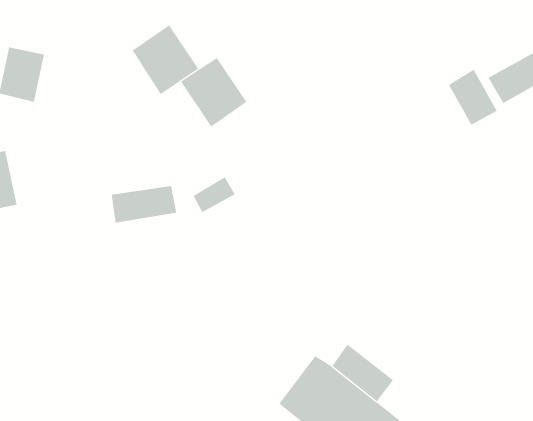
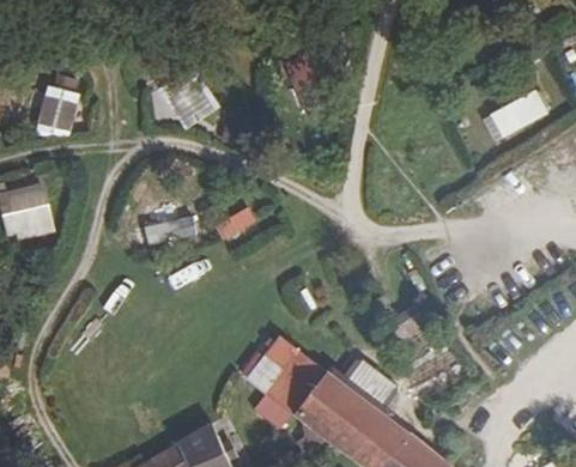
building: [180,57,247,128] -> none
building: [448,69,497,126] -> none
building: none -> [244,334,326,414]

